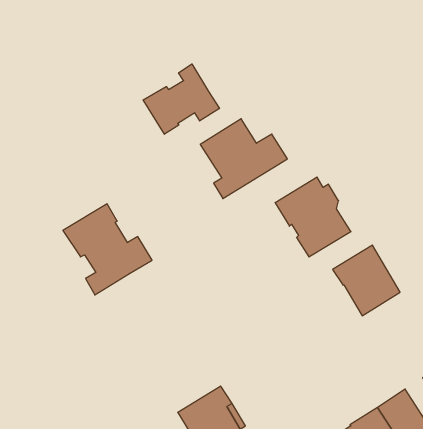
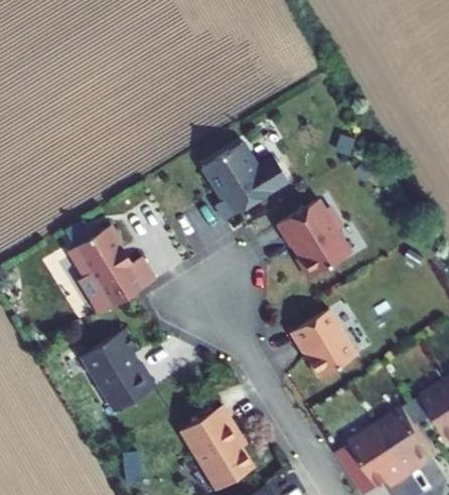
building: [143,64,219,134] -> none
building: [333,245,400,316] -> [289,310,355,379]
building: none -> [79,330,154,412]

